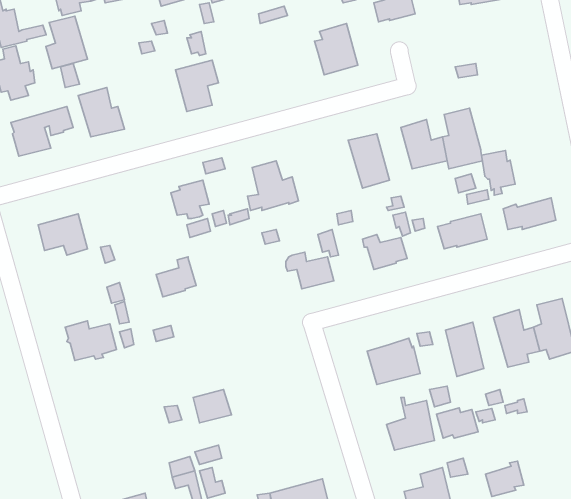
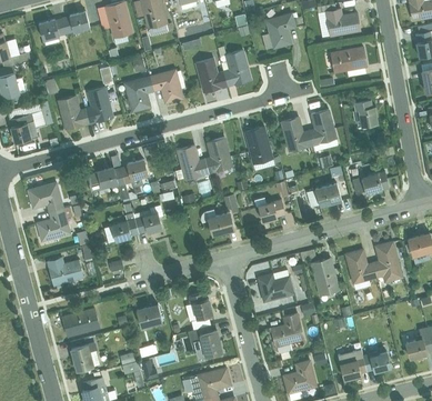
building: [46,16,87,69] -> [83,87,112,123]
building: none -> [328,47,365,72]
building: none -> [194,57,227,92]
building: none -> [148,68,184,102]
building: none -> [204,137,230,173]
building: [481,150,515,195] -> [353,99,376,130]
building: none -> [88,167,127,193]
building: none -> [37,205,71,240]
building: none -> [132,207,162,232]
building: none -> [184,292,211,321]
building: none -> [61,308,99,335]
building: [437,408,478,438] -> [361,350,390,371]
building: none -> [193,330,221,358]
building: none -> [70,342,99,370]

